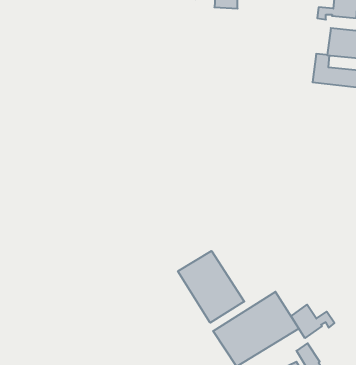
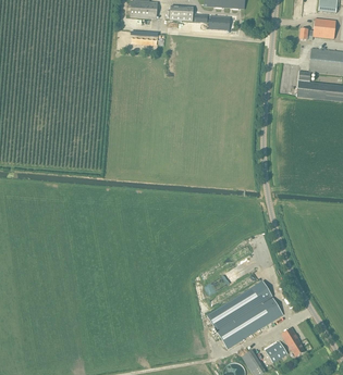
building: [178,251,244,323] -> none
building: [291,305,334,338] -> none

